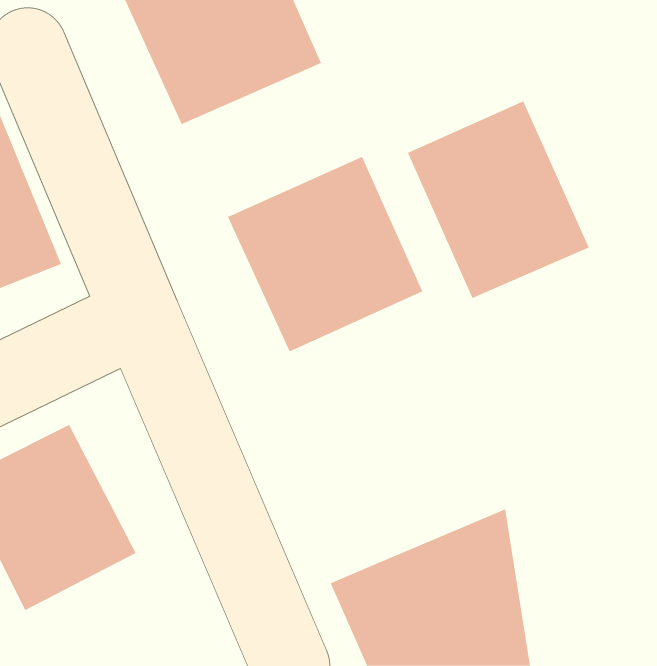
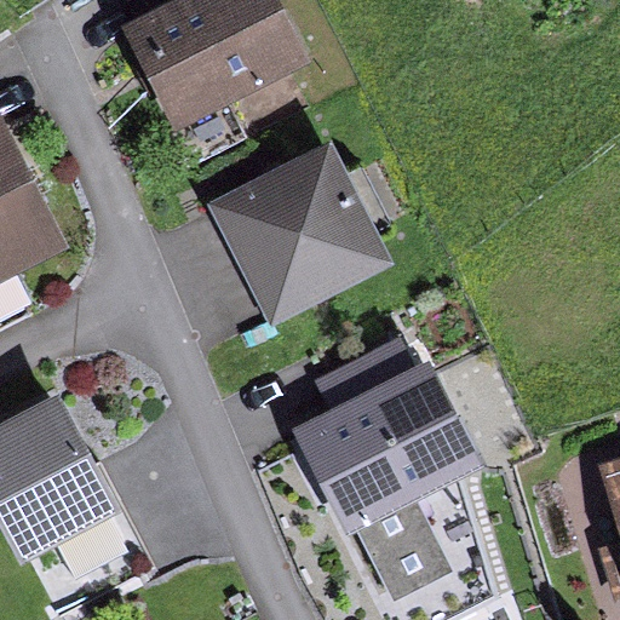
building: [407,100,589,299] -> none
building: none -> [303,343,466,519]

